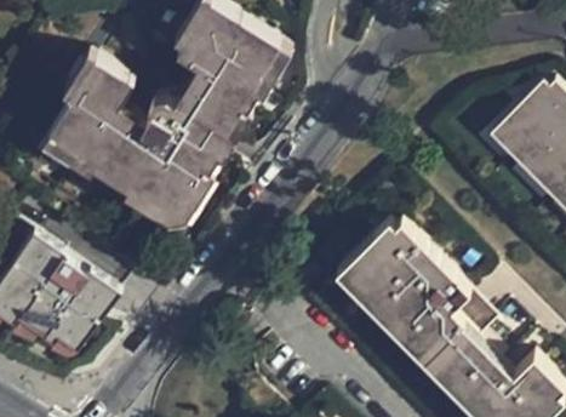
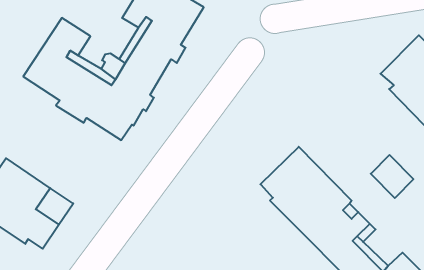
building: none -> [371,155,413,198]

